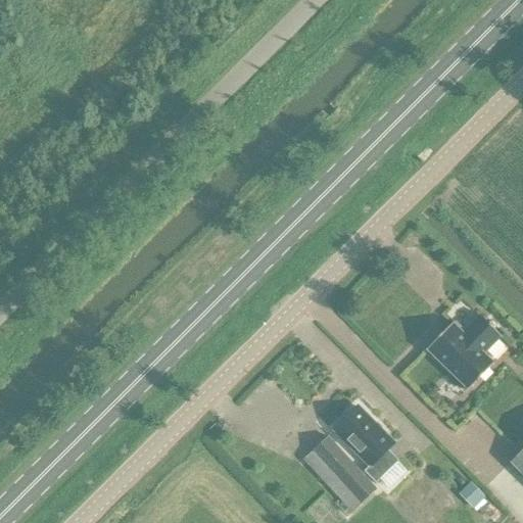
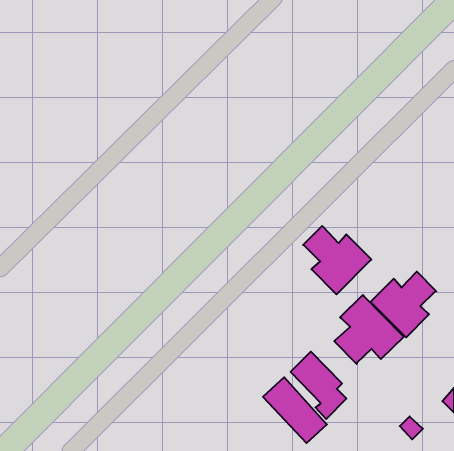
building: none -> [303,226,371,294]
building: none -> [334,295,404,364]

